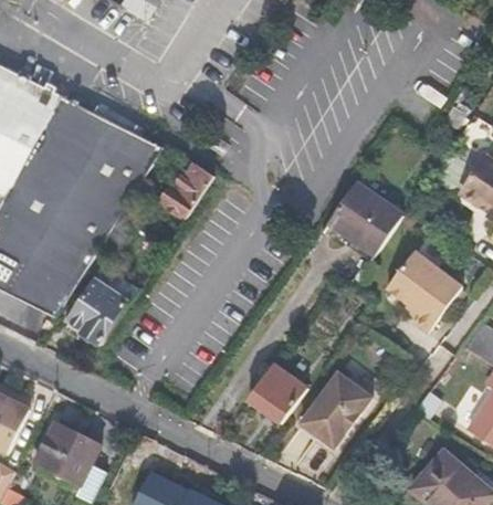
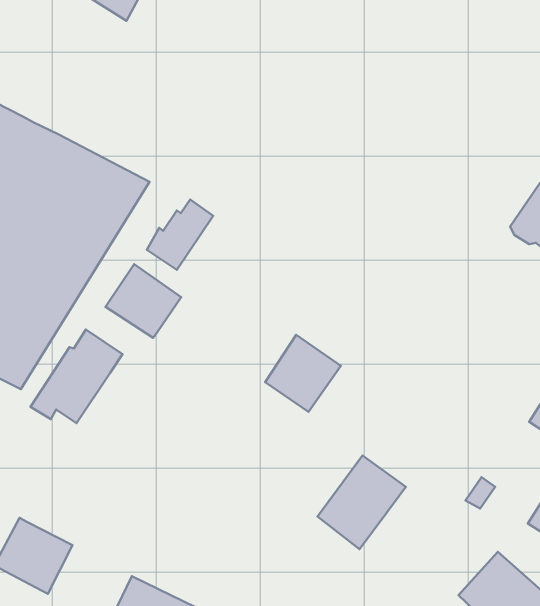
building: [325,178,398,245] -> none
building: none -> [106,264,181,338]
building: [379,249,455,330] -> none
building: [244,359,306,422] -> [265,335,341,412]

